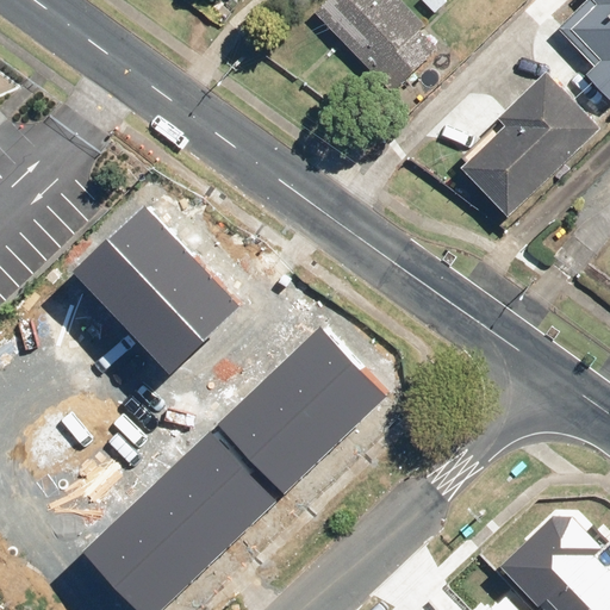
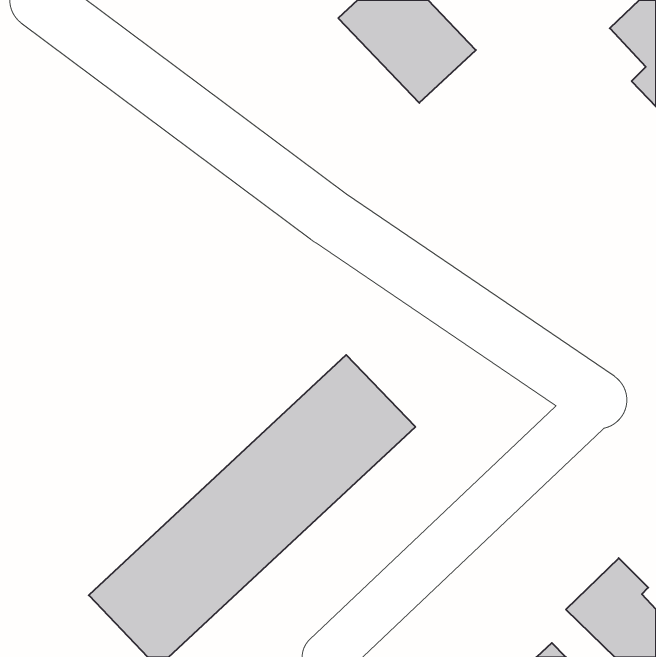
building: [454,87,590,220] -> none
building: [75,207,239,372] -> none

